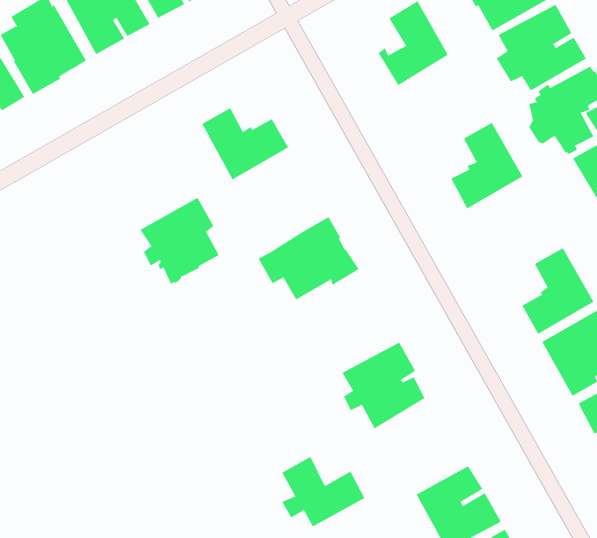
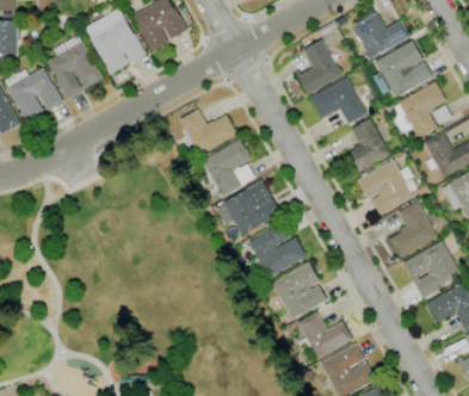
building: none -> [309,78,366,124]
building: none -> [357,160,414,216]
building: [140,197,220,284] -> [202,140,254,197]
building: none -> [247,224,306,279]
building: [282,456,365,527] -> [297,311,352,358]

